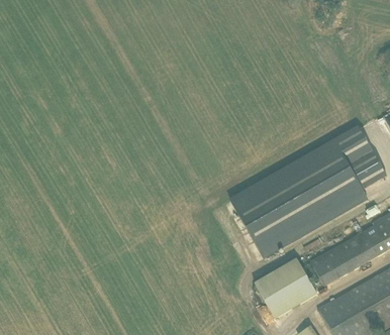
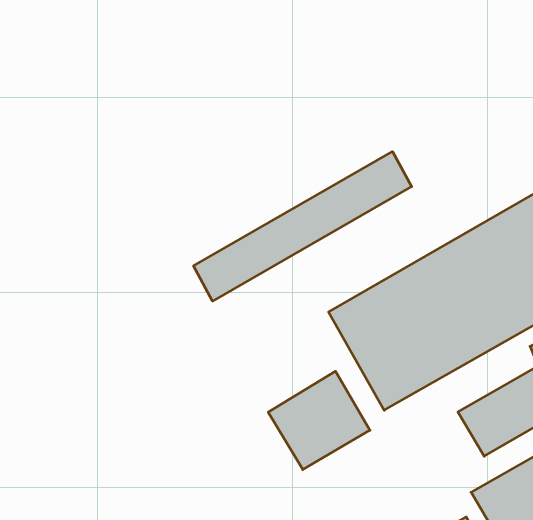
building: none -> [194,152,412,301]
building: [255,257,317,318] -> [268,371,370,470]

